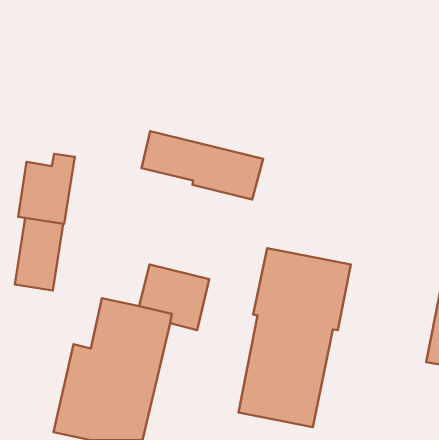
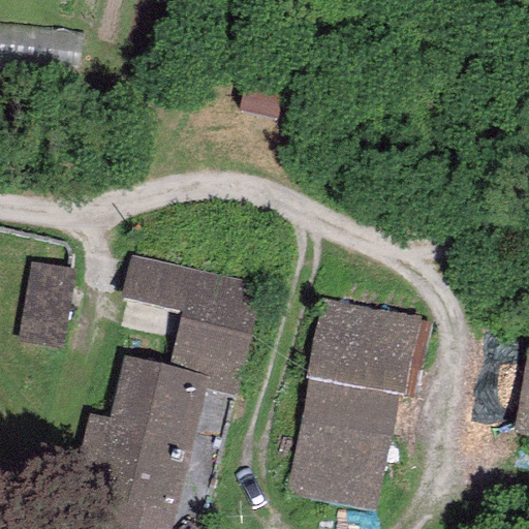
building: [141,131,263,199] -> [121,252,267,334]
building: [18,154,75,224] -> none

